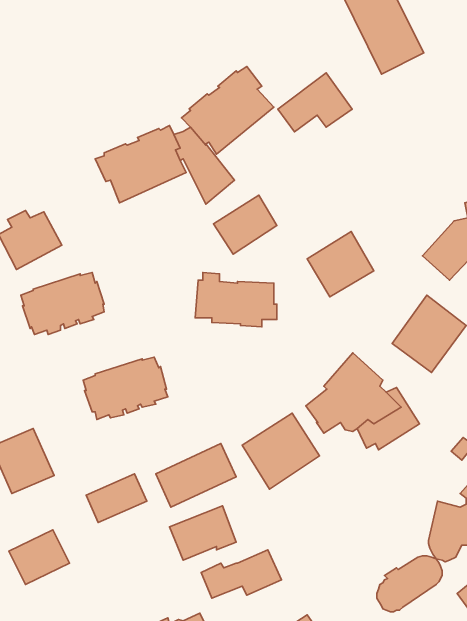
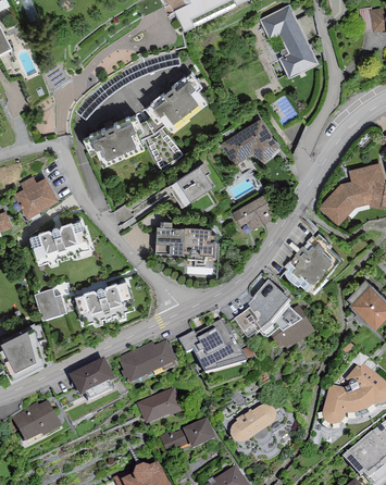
building: [278,73,352,132] -> [228,120,282,162]
building: none -> [37,288,67,319]
building: [377,556,442,612] -> [228,406,275,446]

